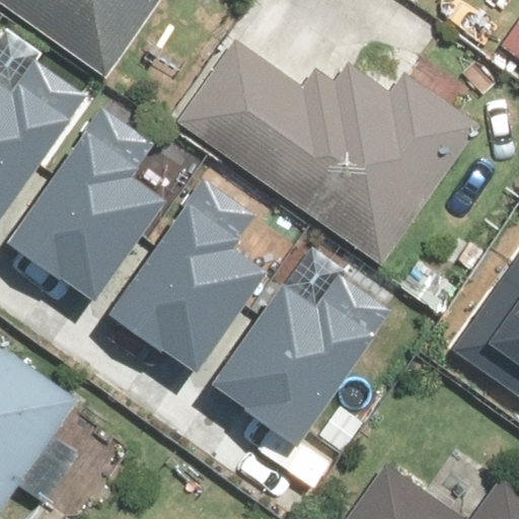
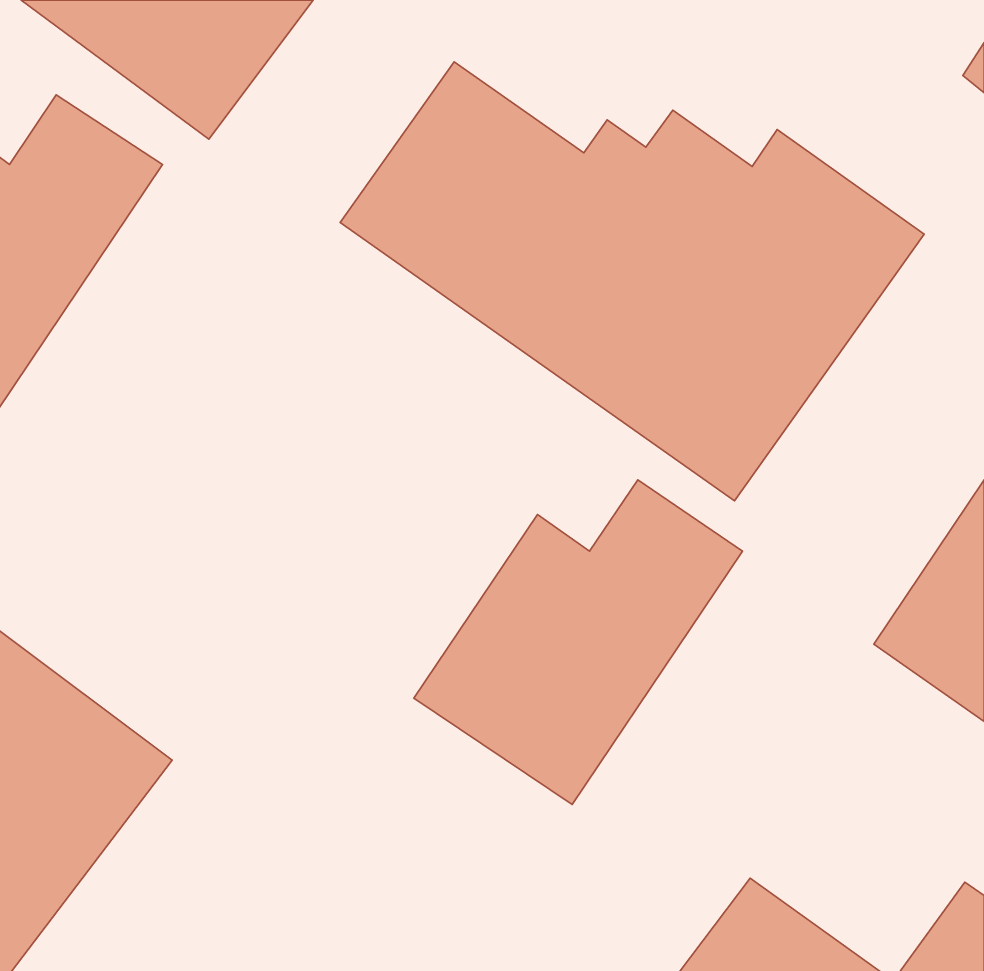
building: [13,101,161,290] -> none
building: [107,174,255,363] -> none

